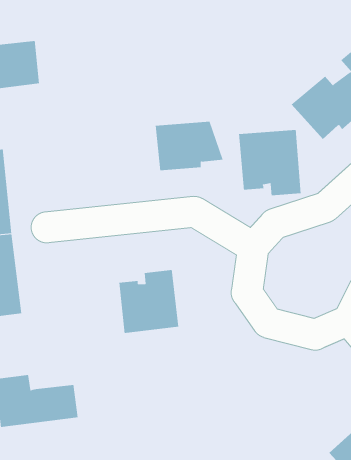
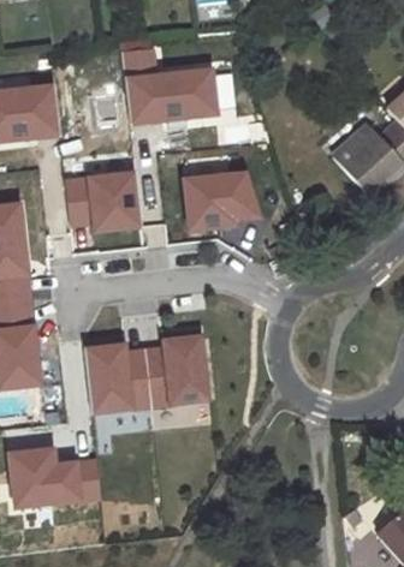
building: none -> [121,49,216,123]
building: none -> [65,172,142,229]
building: [238,129,301,196] -> none
building: none -> [84,345,150,411]

